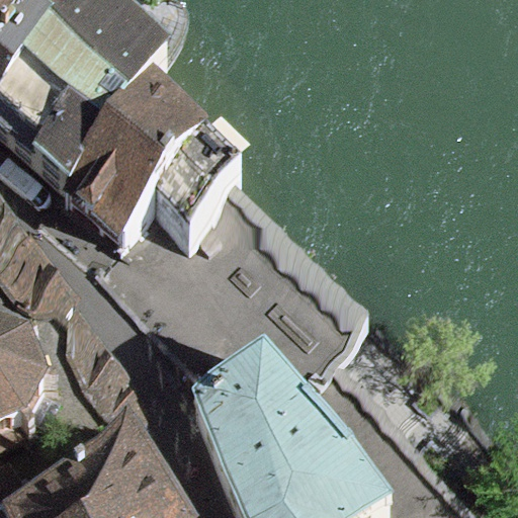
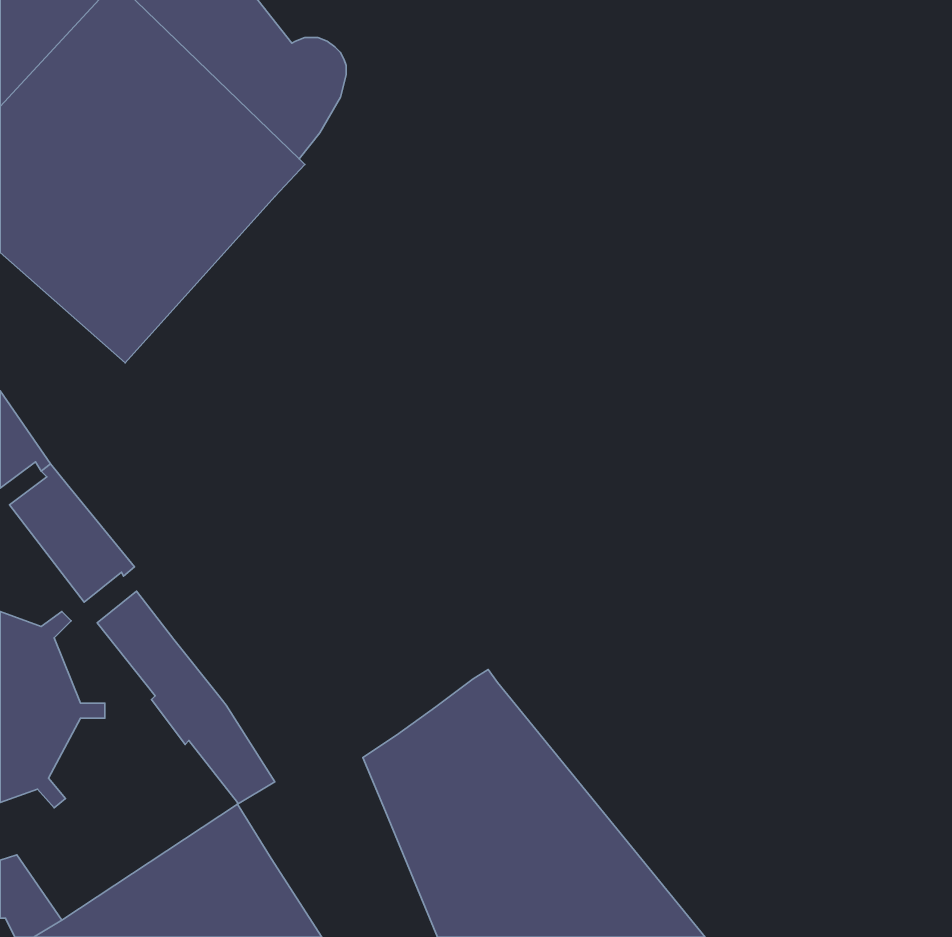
building: [68,106,245,248] -> none

